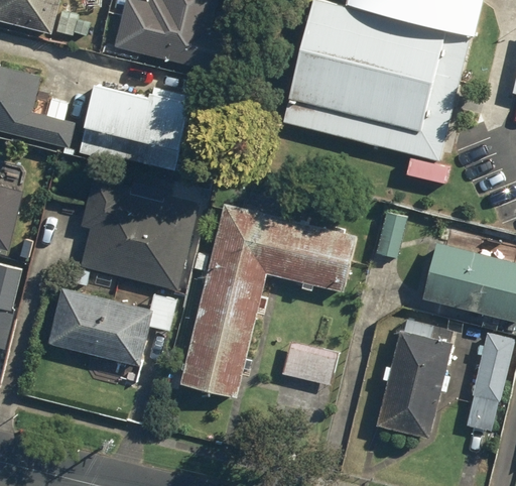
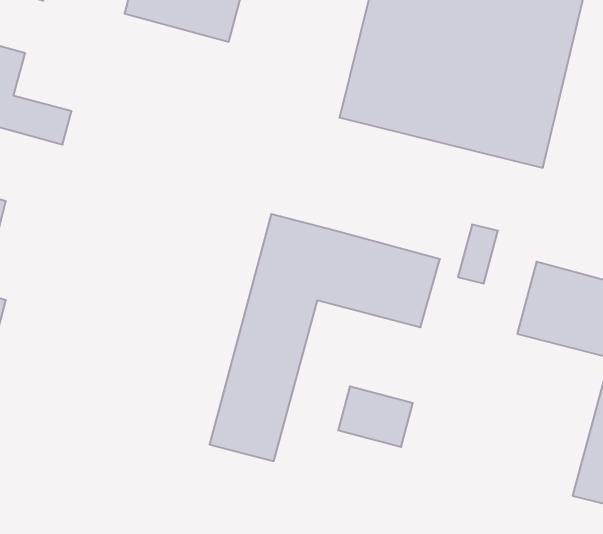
building: [81,81,189,172] -> none
building: [80,175,200,290] -> none
building: [48,288,150,366] -> none
building: [377,330,454,439] -> none

